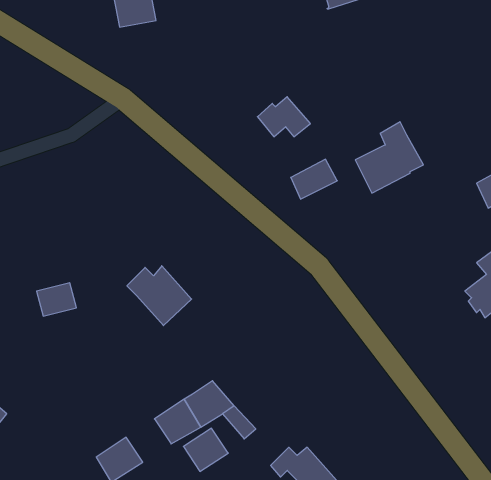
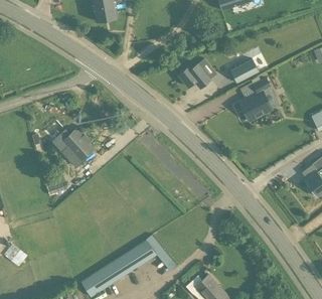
building: [291,159,337,199] -> [230,58,259,83]
building: [127,266,192,326] -> [53,130,93,166]
building: [183,428,228,471] -> [99,259,126,285]

